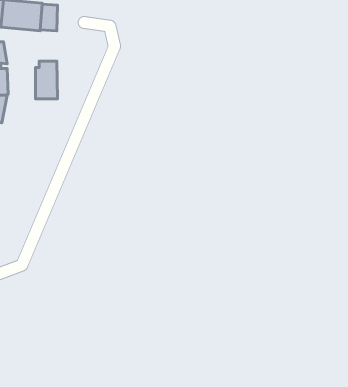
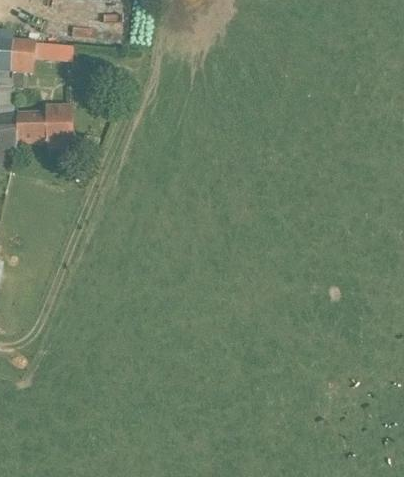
building: none -> [16,112,47,141]

